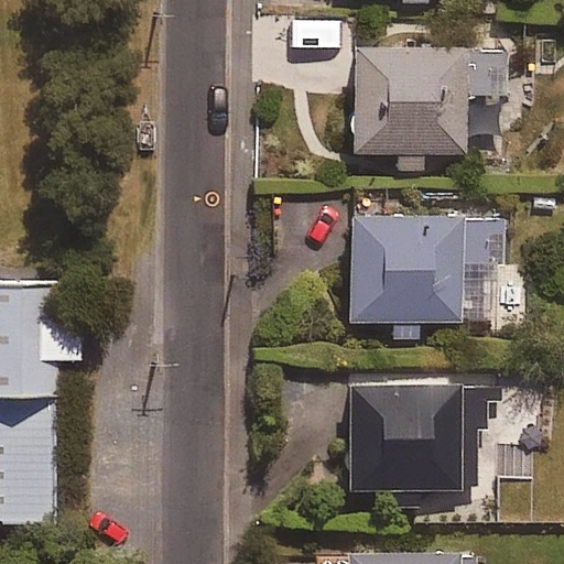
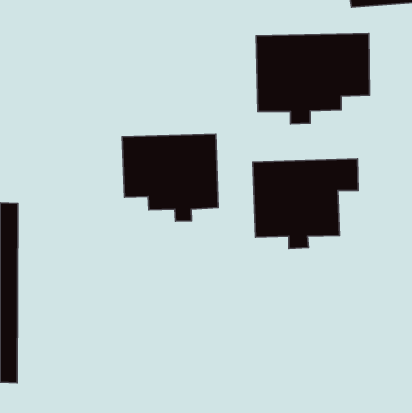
building: none -> [122,134,218,221]
building: [348,382,507,505] -> none

